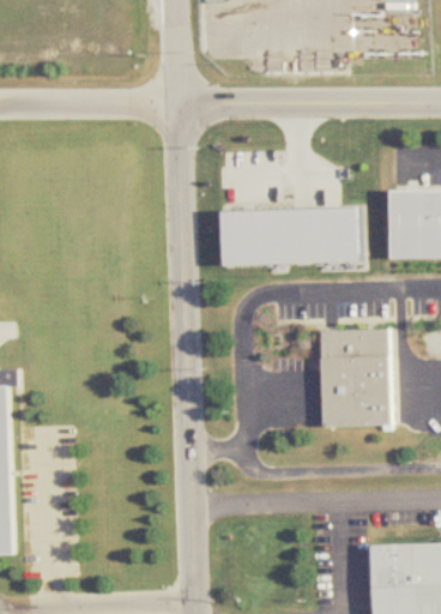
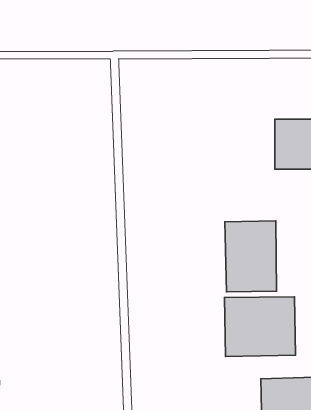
building: [219,207,358,266] -> none
building: none -> [225,297,296,357]

